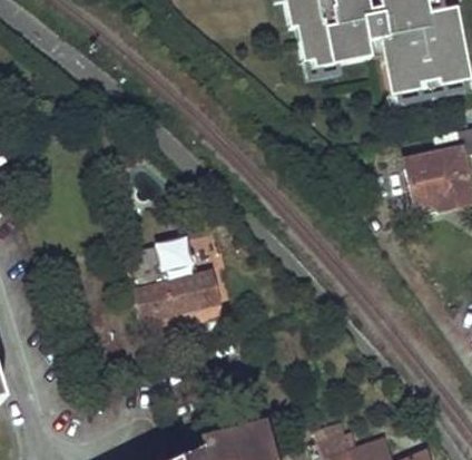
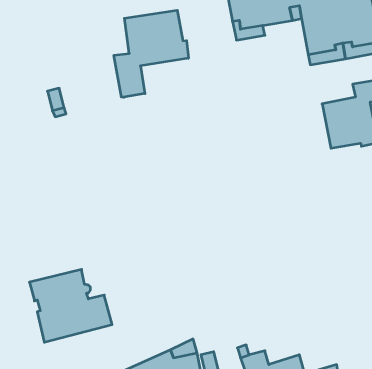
building: none -> [114,10,188,97]
building: [130,238,224,321] -> [29,269,112,342]

